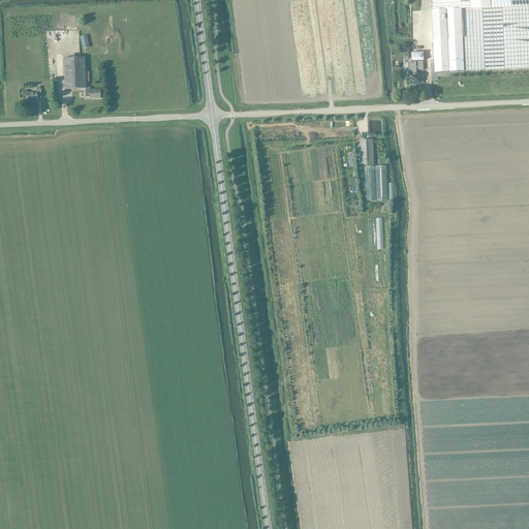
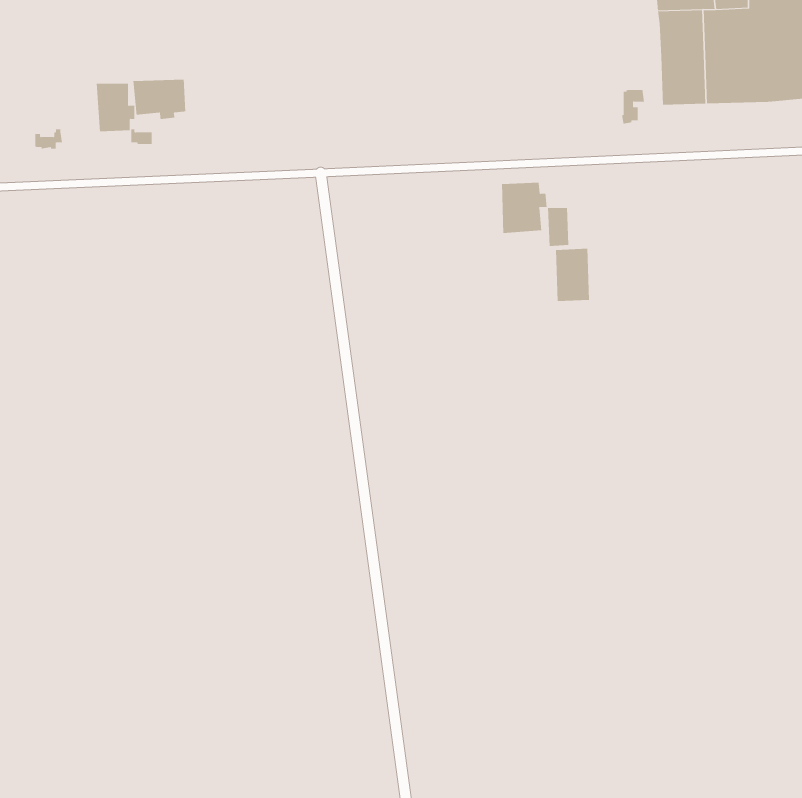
building: none -> [133,79,186,120]
building: none -> [502,182,547,234]

